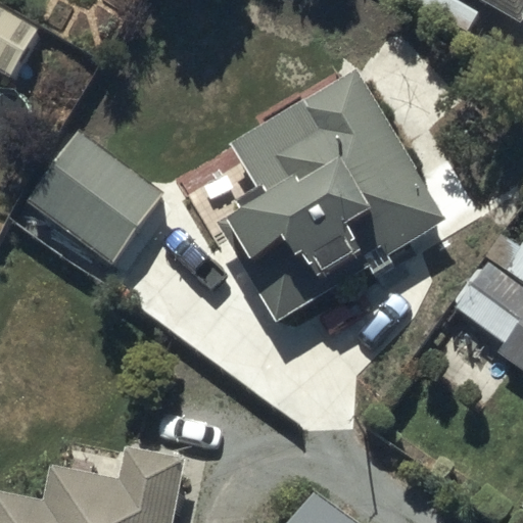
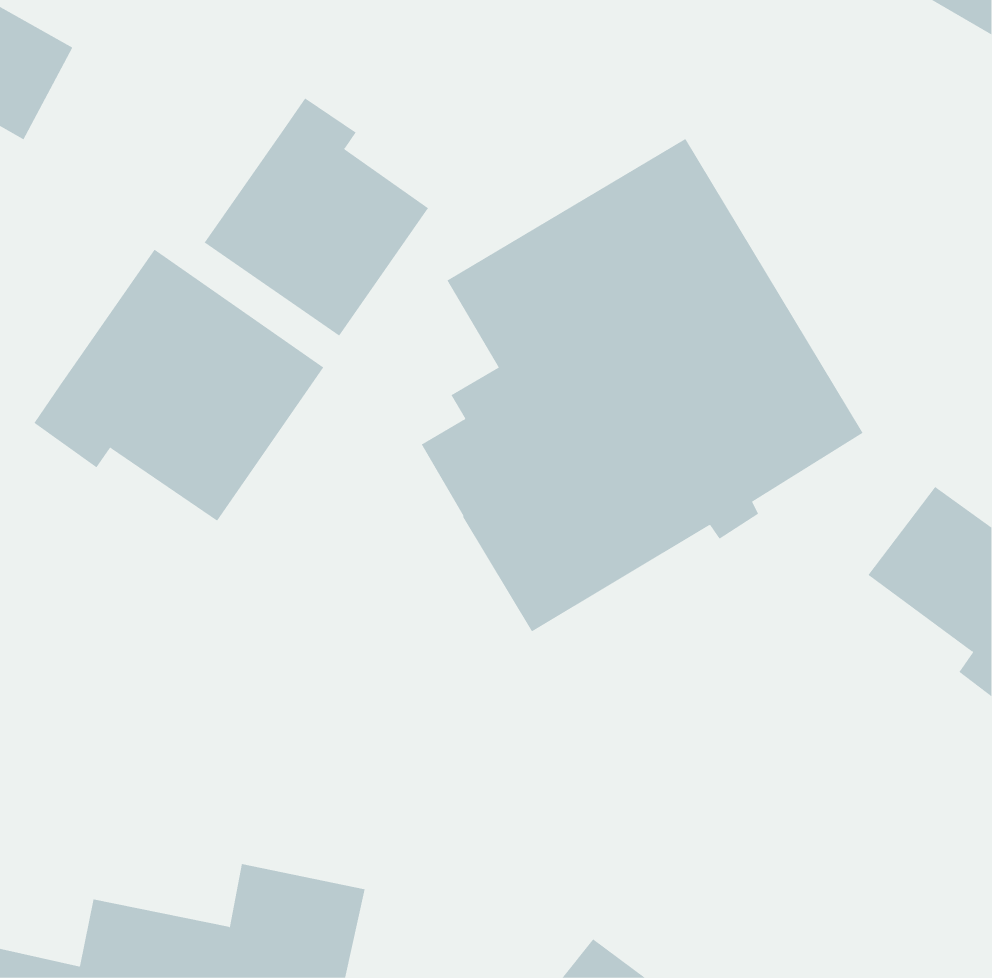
building: none -> [204,98,429,336]

